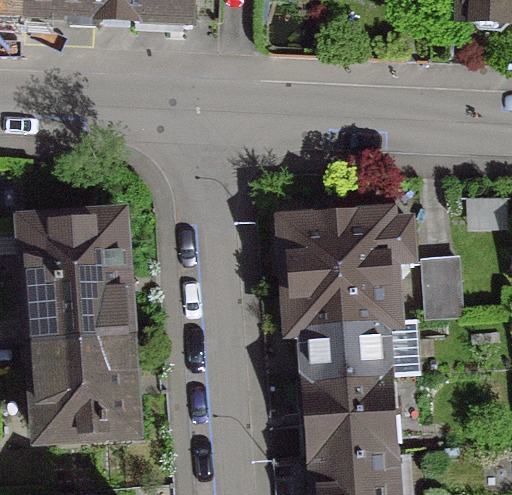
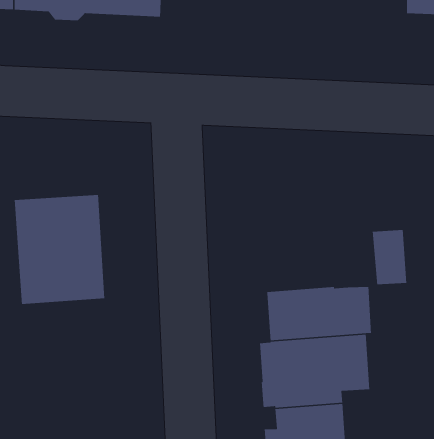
building: [278,214,413,328] -> none
building: [33,334,134,437] -> none

